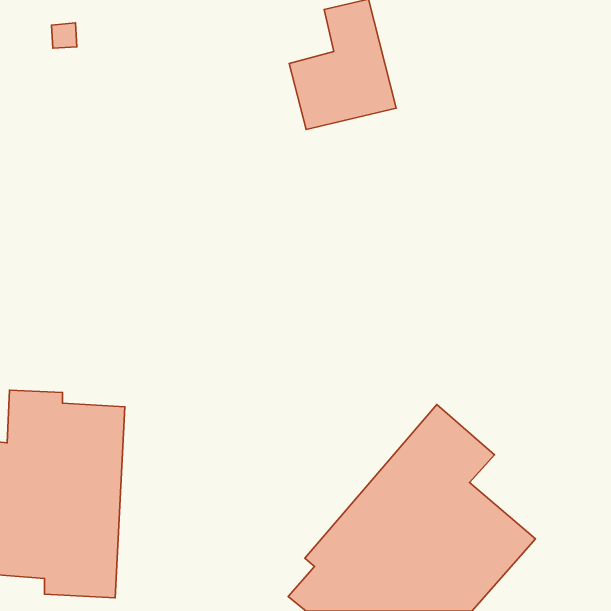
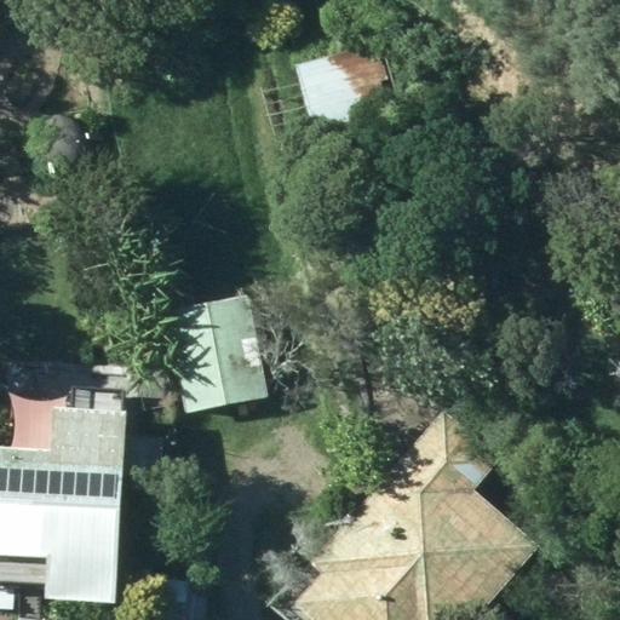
building: none -> [162,294,268,413]

